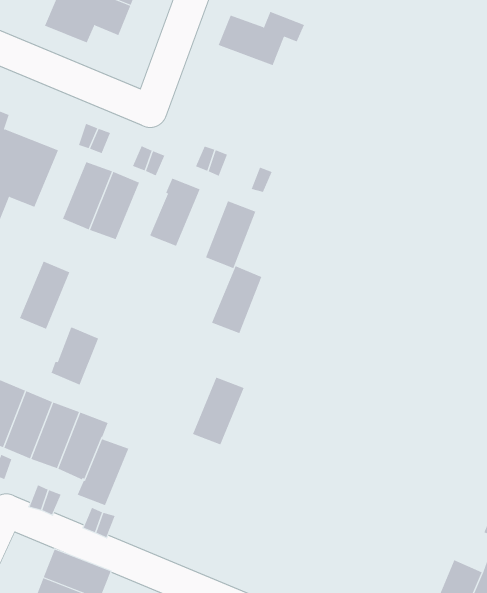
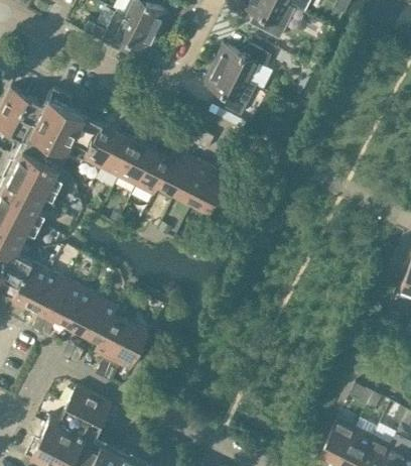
building: none -> [203,66,256,117]
building: none -> [135,151,171,197]
building: [19,261,70,330] -> [84,125,120,170]
building: [211,265,262,334] -> [174,159,211,205]
building: [51,327,99,385] -> none
building: [192,377,245,445] -> [112,326,149,371]

